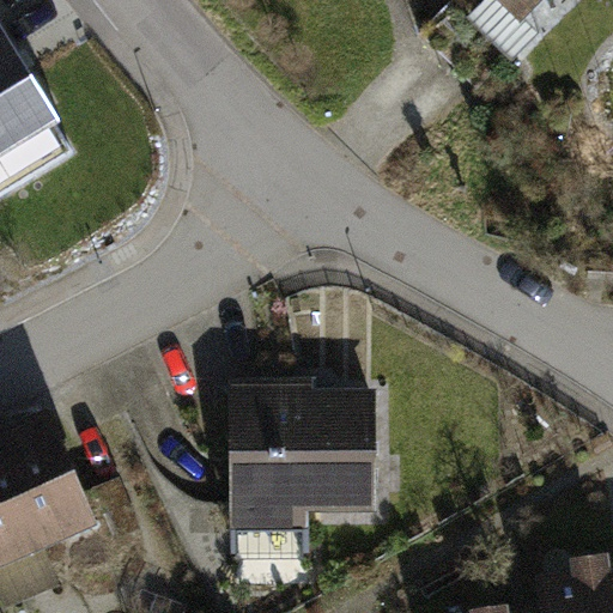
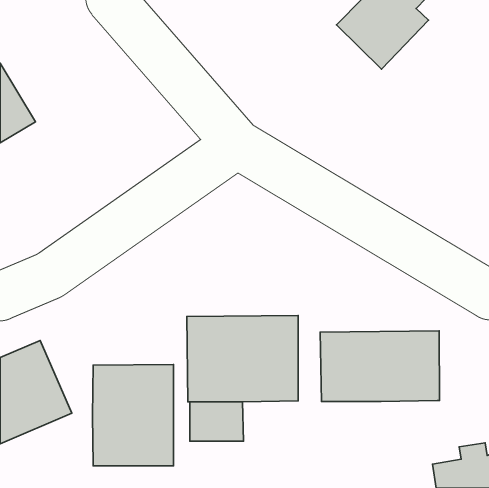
building: none -> [320,331,439,401]
building: none -> [93,364,173,466]

